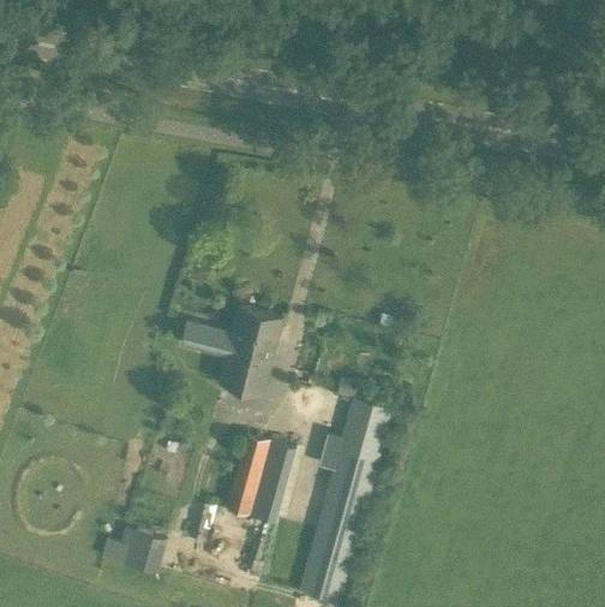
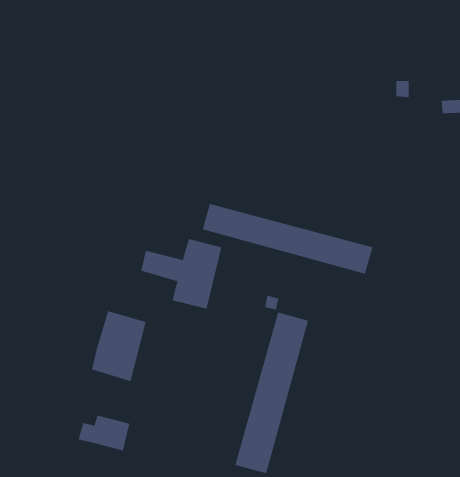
building: none -> [202,203,373,274]
building: [224,433,294,523] -> [91,310,146,382]

